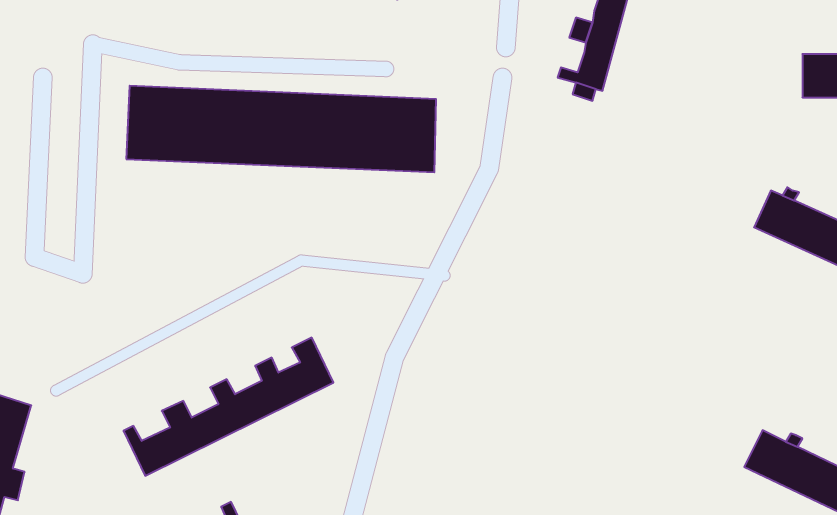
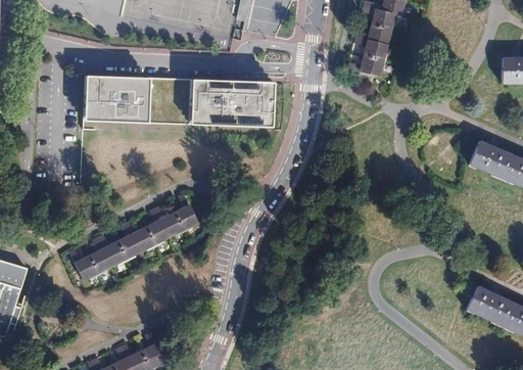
building: [123,338,333,476] -> [69,192,198,277]

